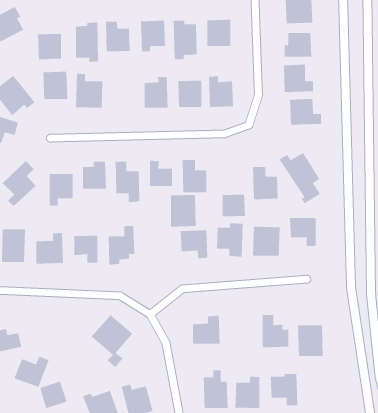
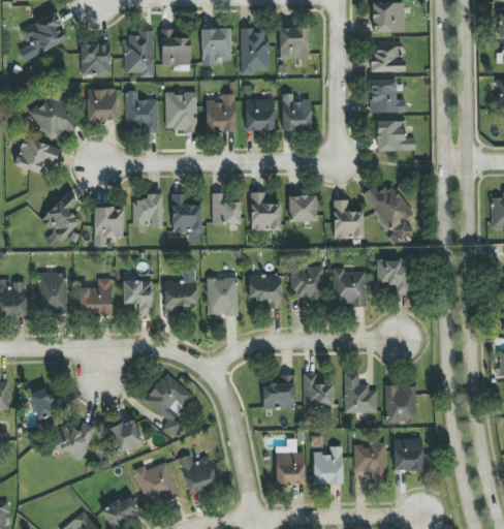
building: none -> [165,91,197,130]
building: [222,194,246,217] -> [288,194,316,221]
building: [170,194,197,227] -> [207,277,238,315]
building: none -> [303,374,333,408]
building: none -> [392,438,422,470]
building: [39,381,68,409] -> [109,418,143,452]

